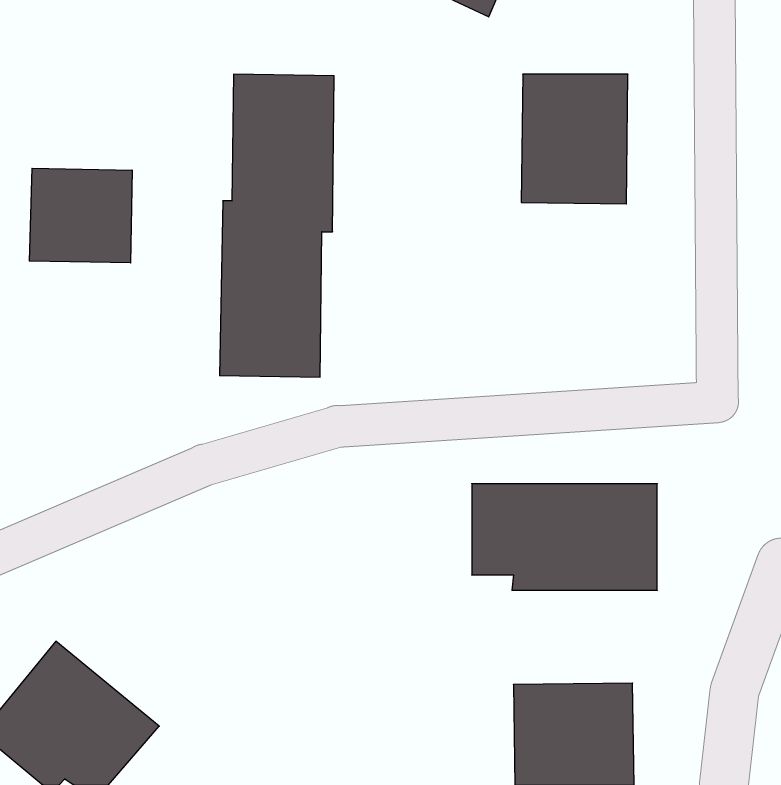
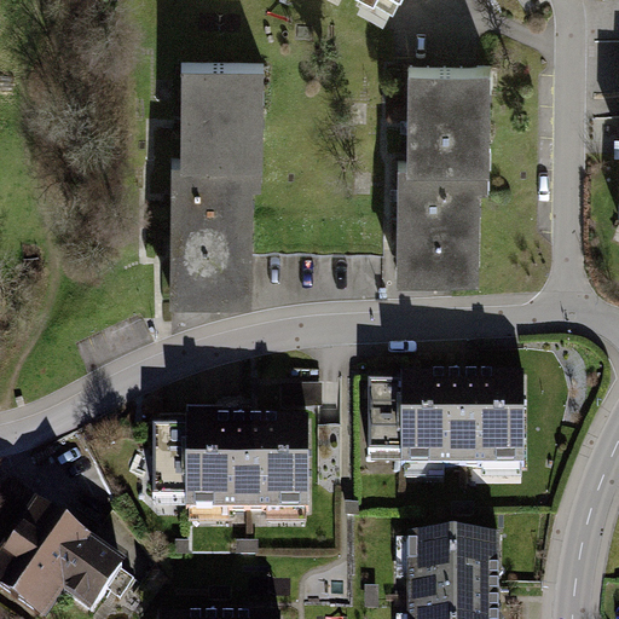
building: [29,168,132,263] -> none
building: none -> [398,158,490,276]
building: none -> [154,418,301,505]

